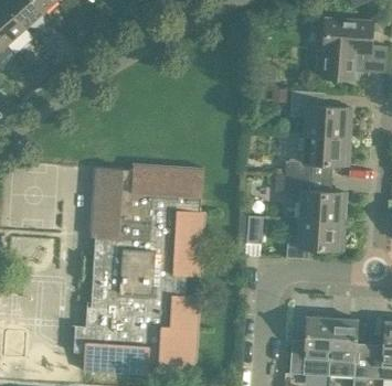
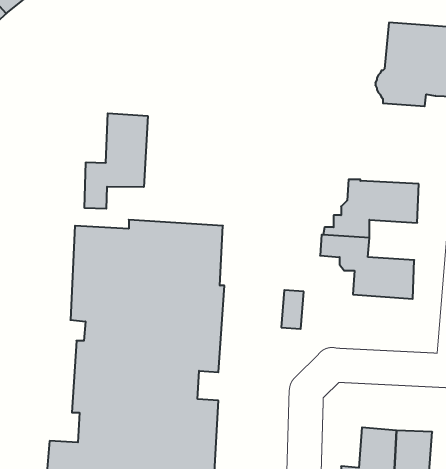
building: none -> [85,113,148,209]
building: [289,90,351,137] -> none
building: [286,218,343,259] -> none

